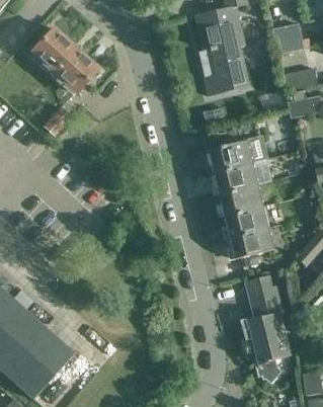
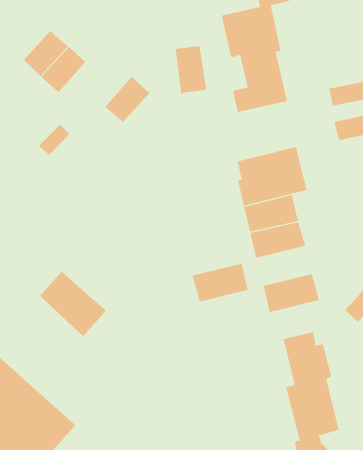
building: [272,23,302,54] -> none
building: none -> [175,45,207,94]
building: [61,54,98,92] -> [104,76,150,123]
building: [222,205,268,237] -> [192,263,249,302]
building: none -> [39,271,107,337]

